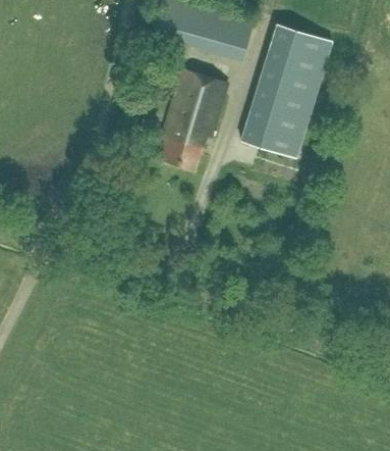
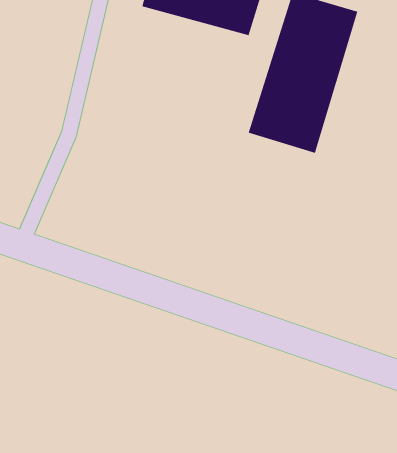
building: [158,70,227,171] -> none

